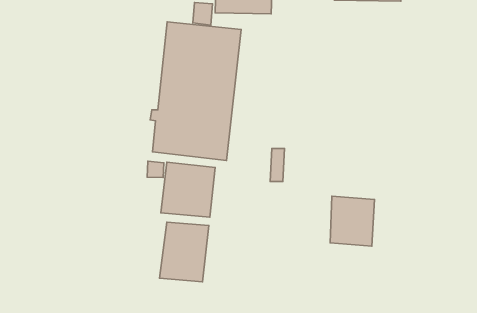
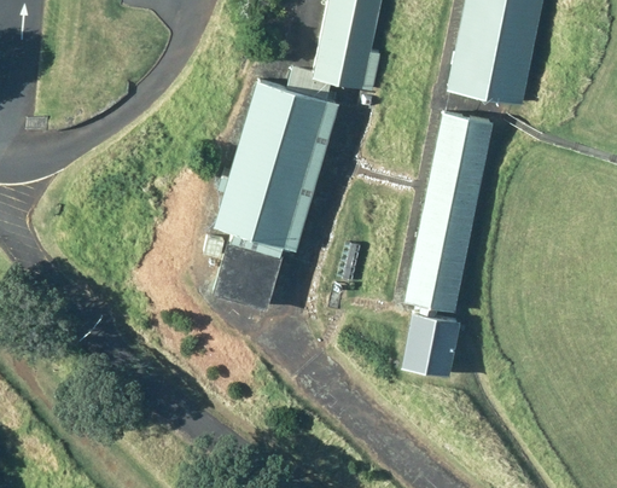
building: none -> [406,115,497,316]
building: [160,222,209,282] -> none

